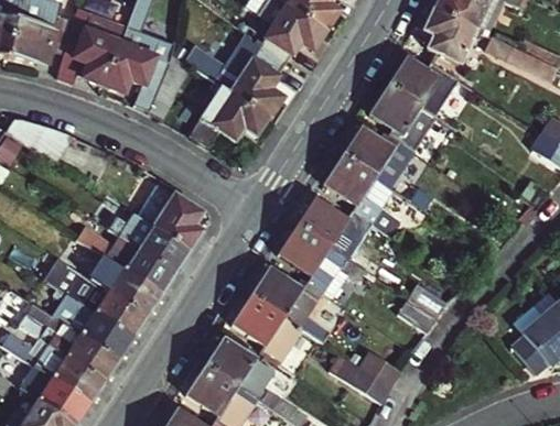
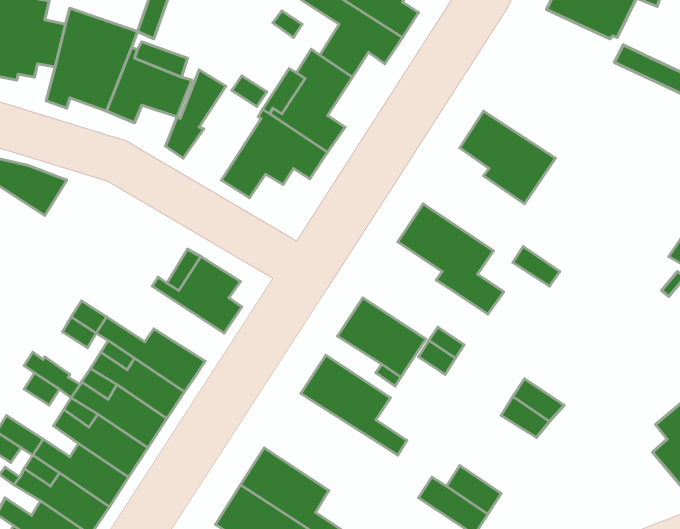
building: [422,9,481,62] -> none
building: [386,57,464,120] -> none
building: [341,127,417,189] -> none
building: [295,196,363,253] -> none
building: [108,214,192,272] -> none
building: [230,296,301,364] -> none

